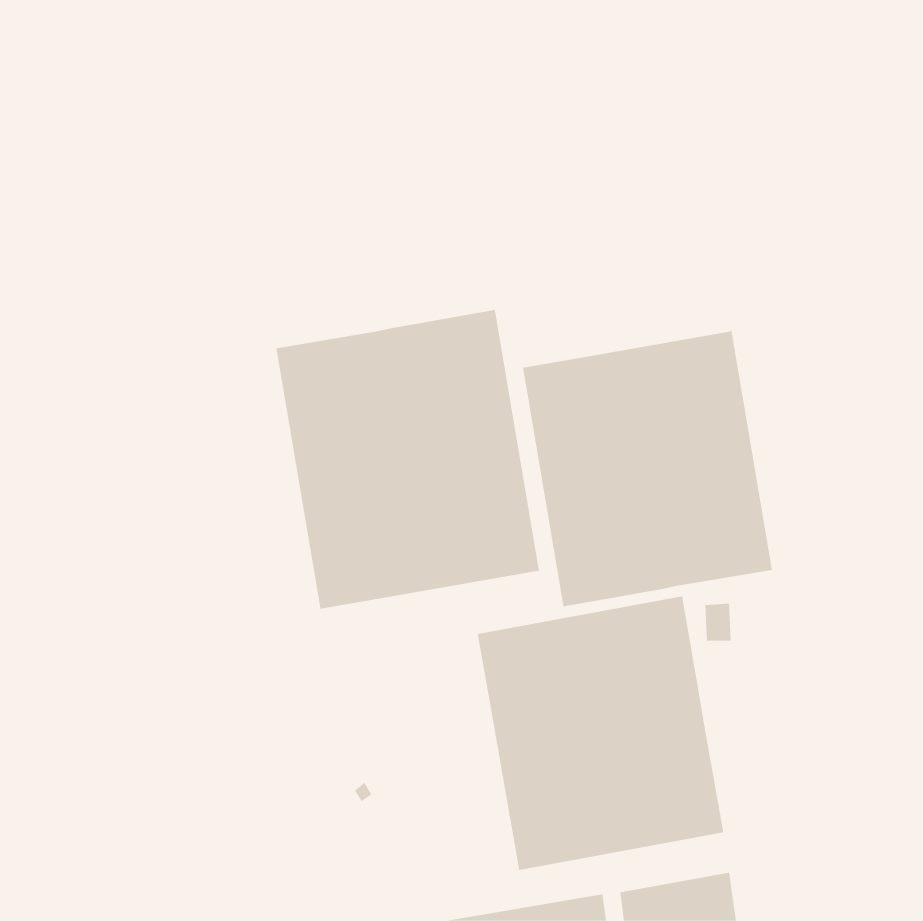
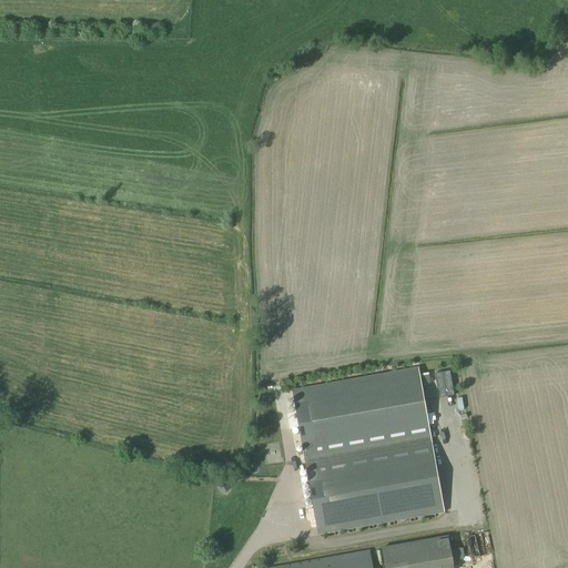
building: [276,309,540,610] -> none
building: [522,331,772,607] -> none

